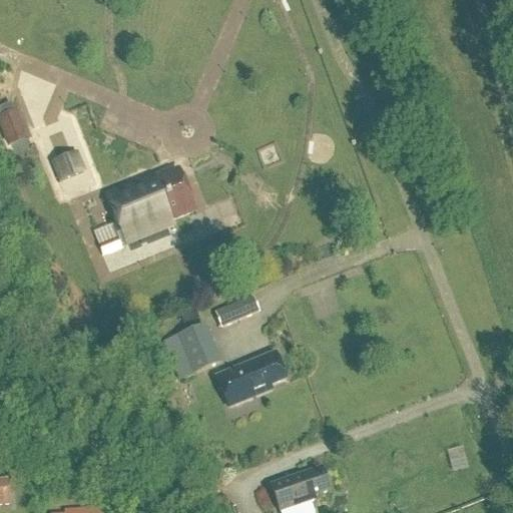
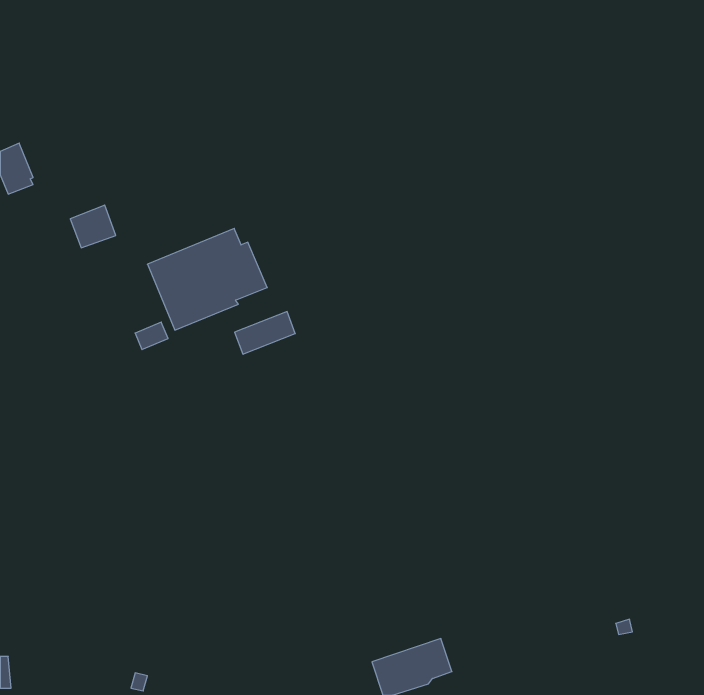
building: [214,296,259,327] -> [235,312,295,354]
building: [176,324,220,373] -> none
building: [216,351,286,404] -> none

